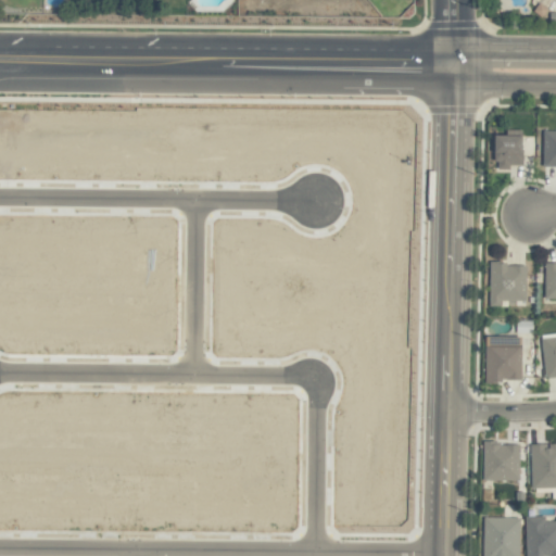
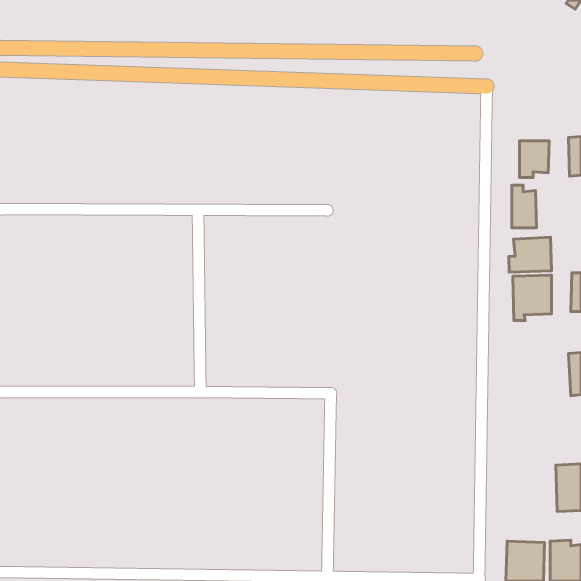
building: none -> [512,185,536,228]
building: none -> [509,237,551,272]
building: [485,336,522,382] -> none
building: [483,443,520,481] -> none

